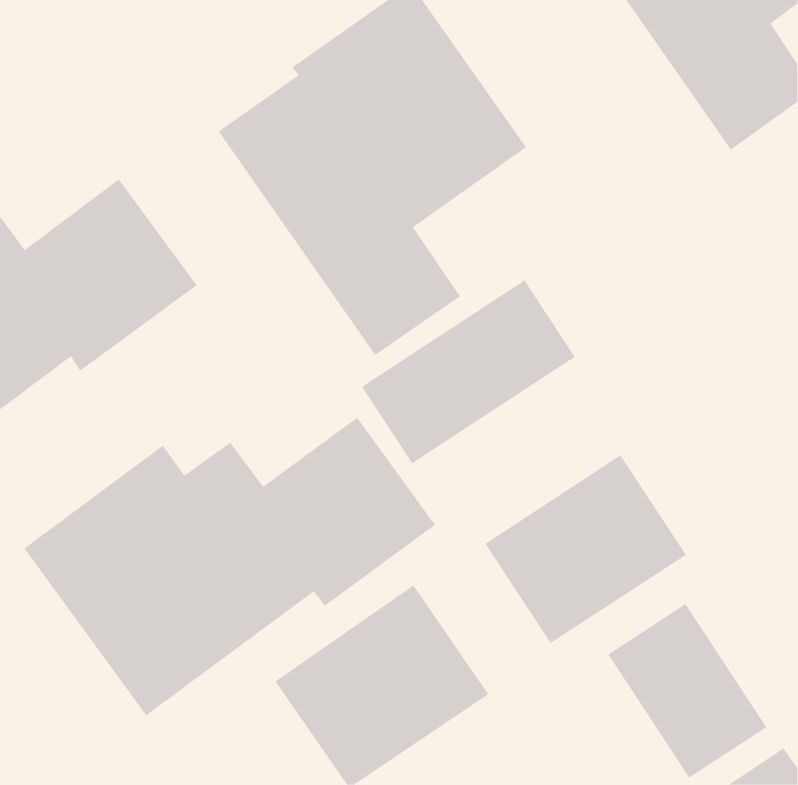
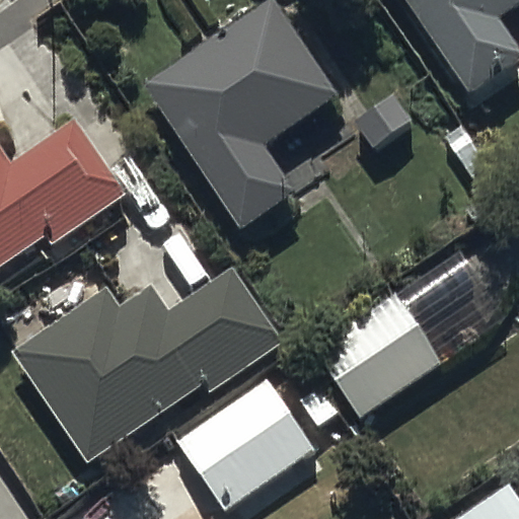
building: [361,280,575,464] -> none
building: [607,603,767,779] -> none

